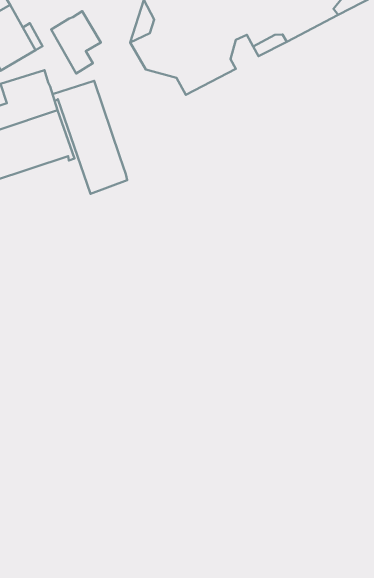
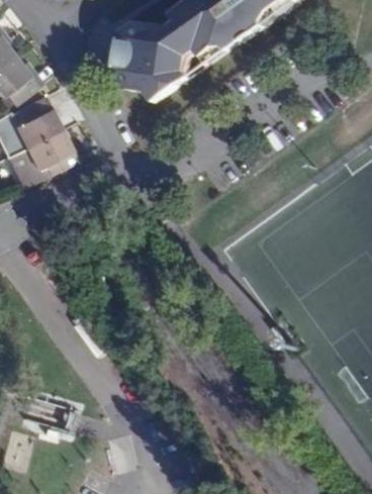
building: [51,11,101,73] -> none
building: [52,81,127,194] -> none

